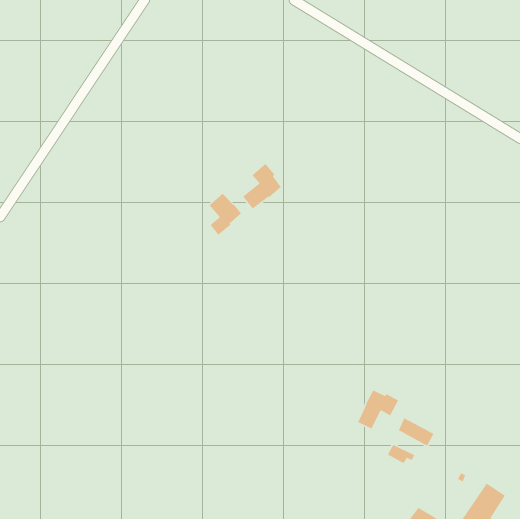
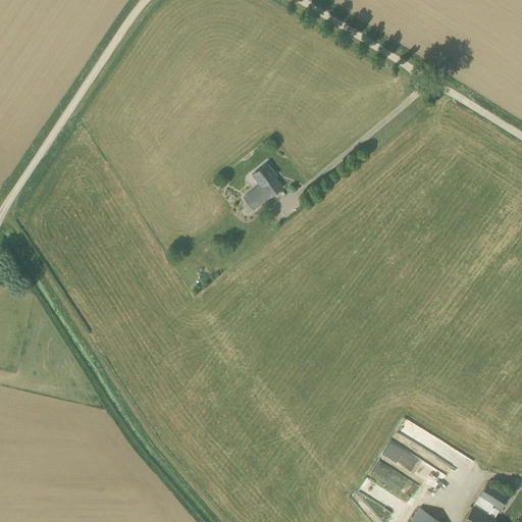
building: [208,193,242,236] -> none
building: [357,390,399,429] -> none

